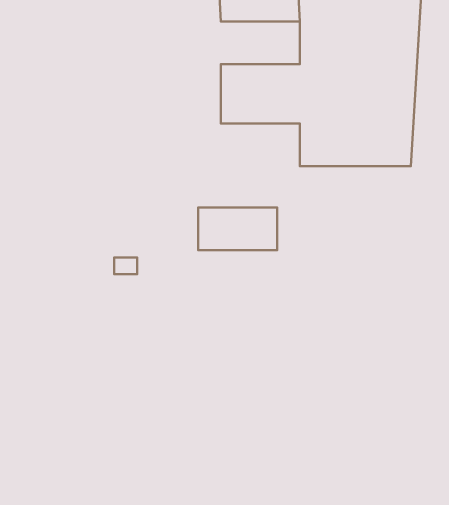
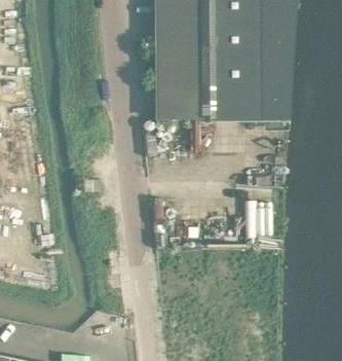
building: none -> [155,22,208,50]
building: [198,208,277,250] -> [155,91,208,119]

